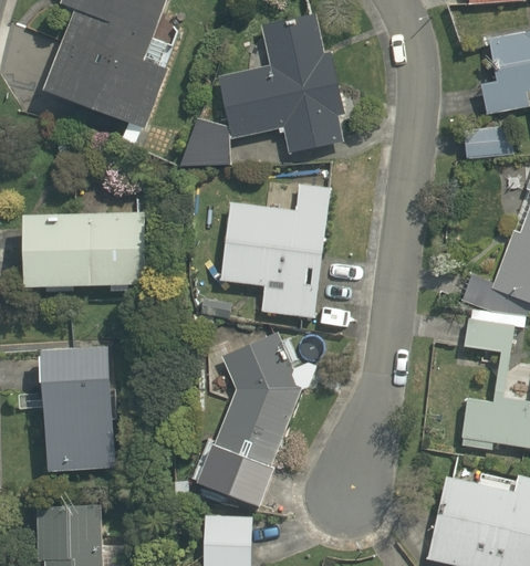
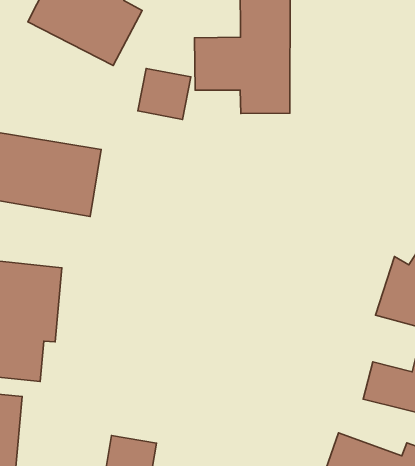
building: [220,187,328,321] -> none
building: [201,333,304,509] -> none

